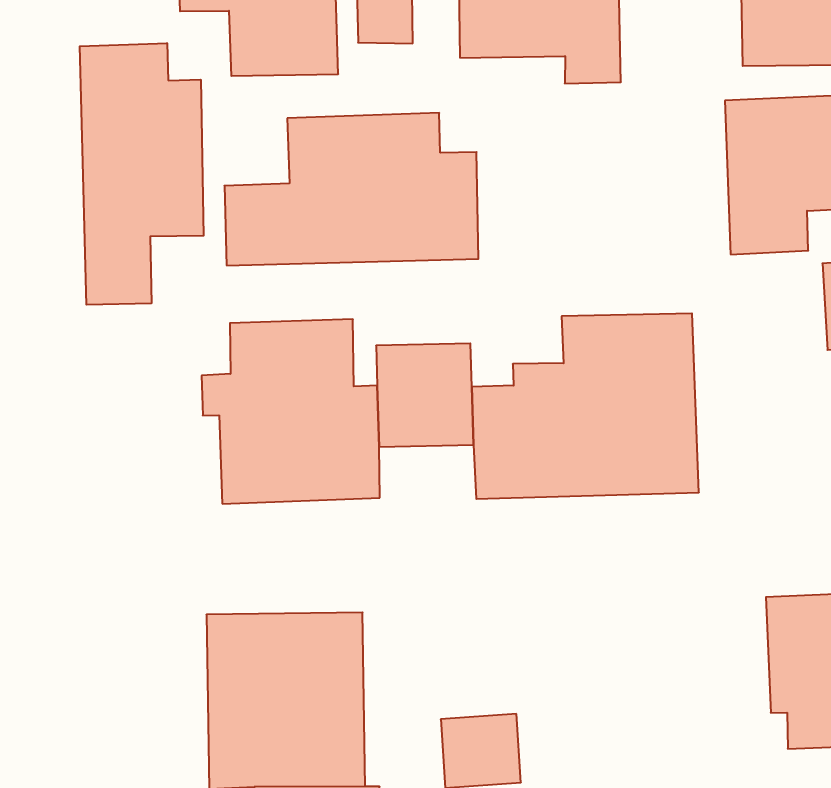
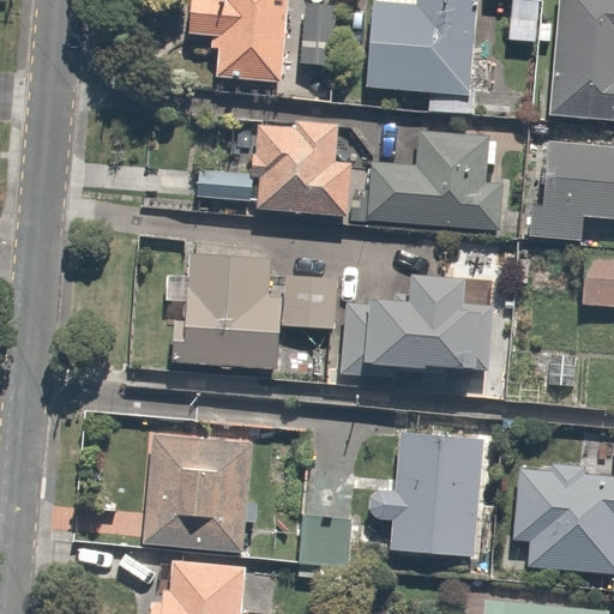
building: [80,43,204,305] -> none
building: none -> [343,121,512,233]
building: none -> [368,431,484,556]

